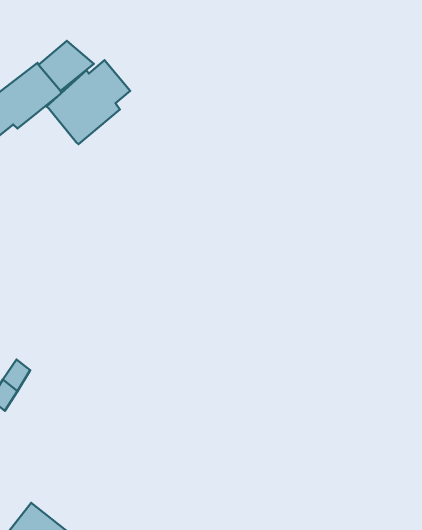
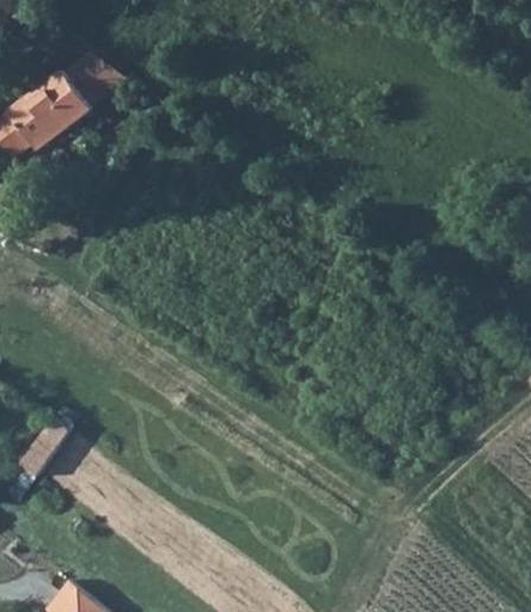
building: [46,60,130,144] -> none

